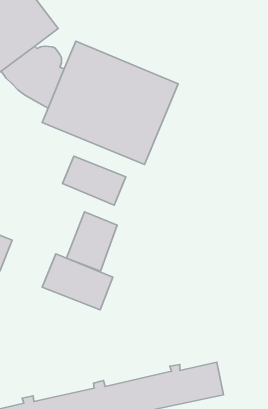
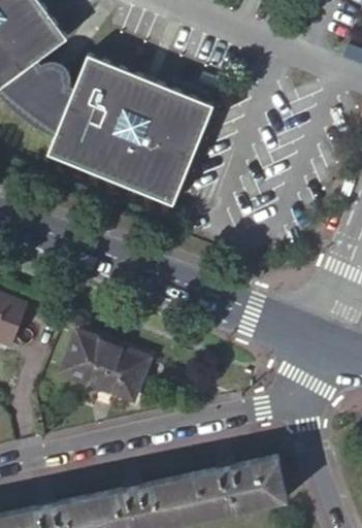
building: [62,156,126,205] -> none
building: [66,212,117,271] -> none

